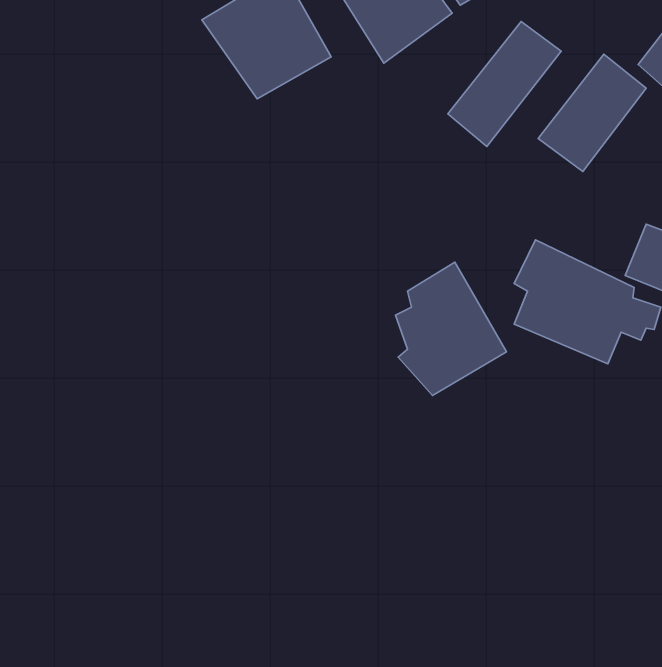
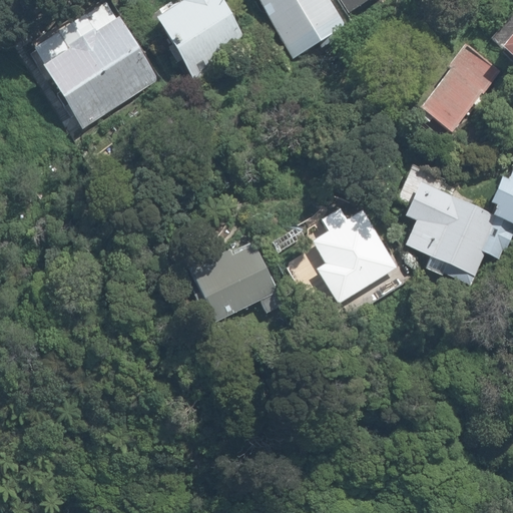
building: none -> [51,12,169,123]
building: [448,22,561,147] -> none
building: none -> [186,247,278,327]

